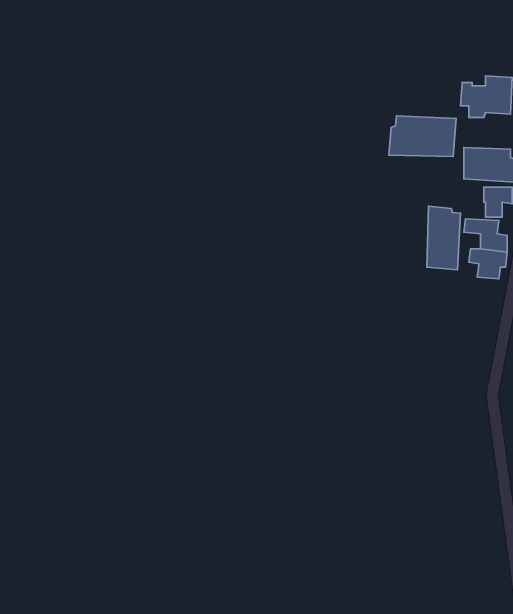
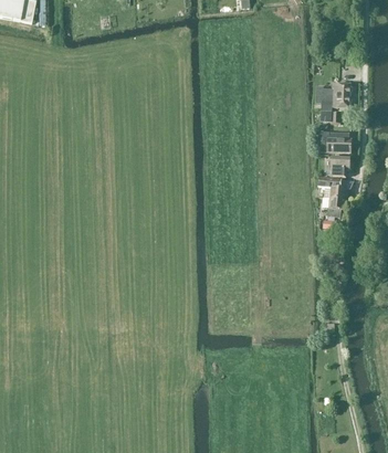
building: [389,116,456,156] -> none
building: [427,206,460,270] -> none

